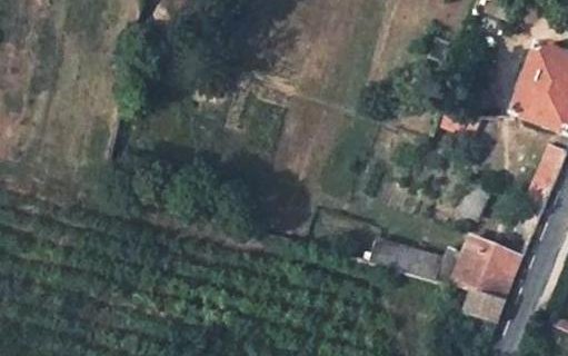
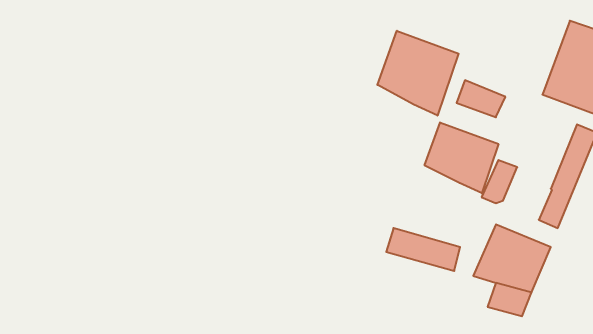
building: none -> [377,31,459,116]
building: none -> [425,122,498,193]

